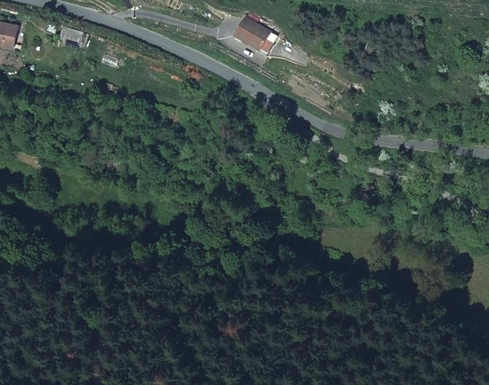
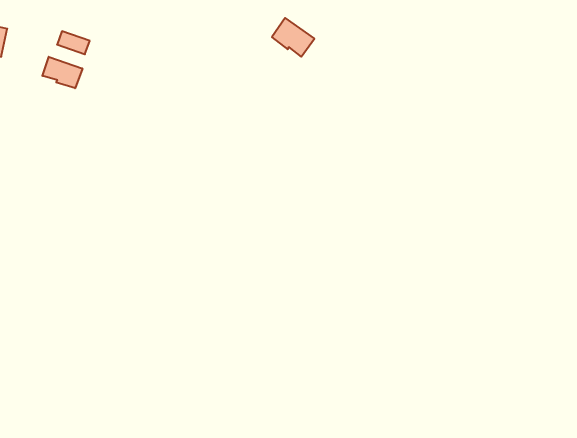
building: none -> [42,57,82,88]

